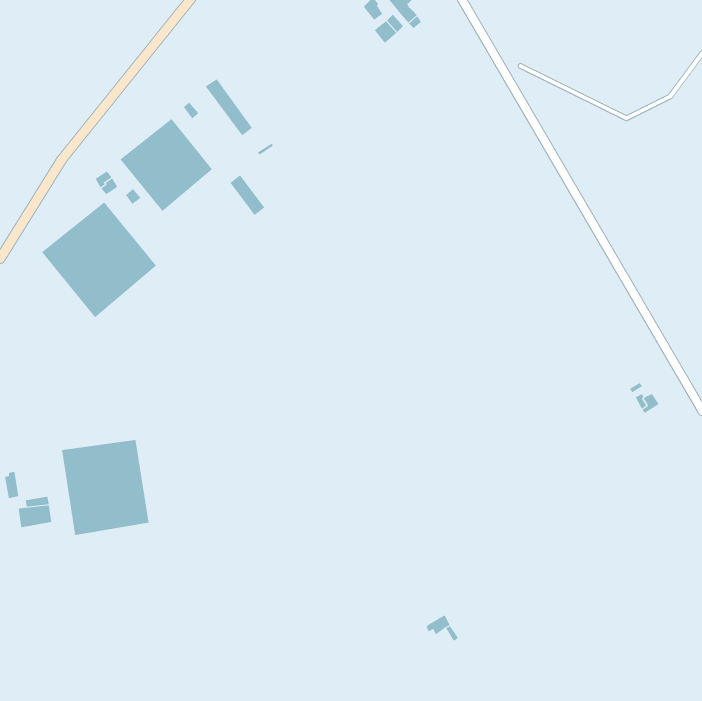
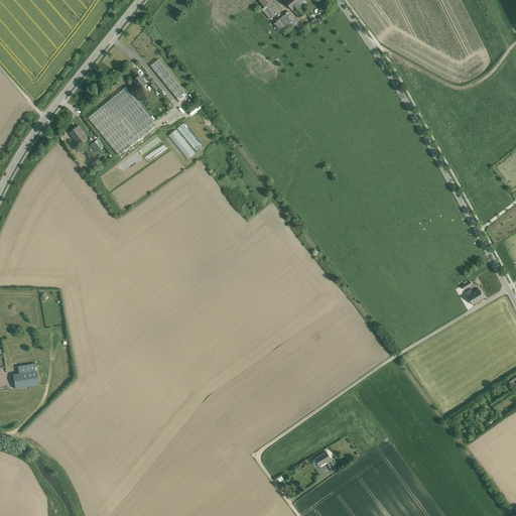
building: [41,202,157,318] -> none
building: [61,439,149,536] -> none

